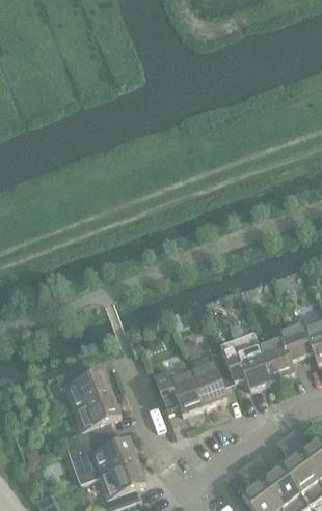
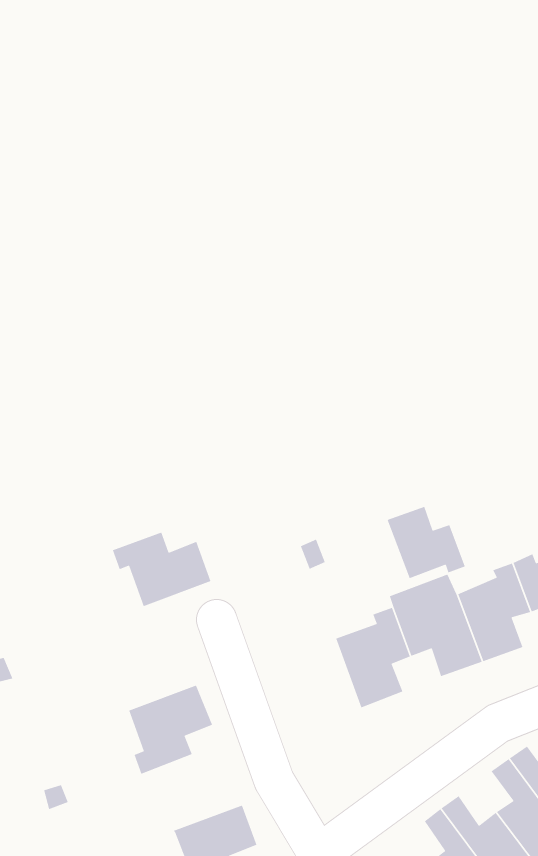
building: none -> [386,506,466,579]
building: [56,365,112,407] -> [112,531,212,607]
building: [154,367,205,415] -> none
building: [69,432,138,483] -> none

